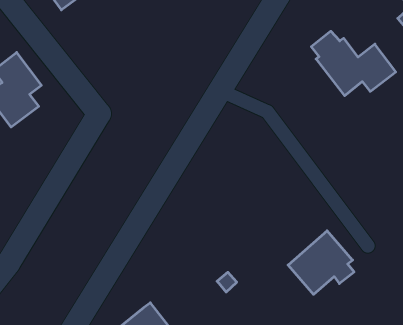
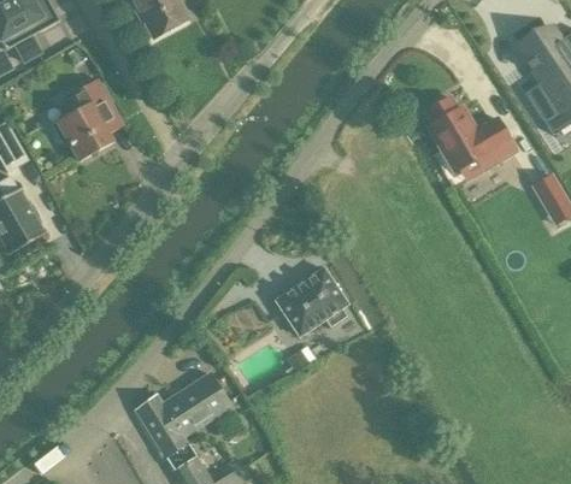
building: [288,231,354,294] -> [276,268,348,337]

